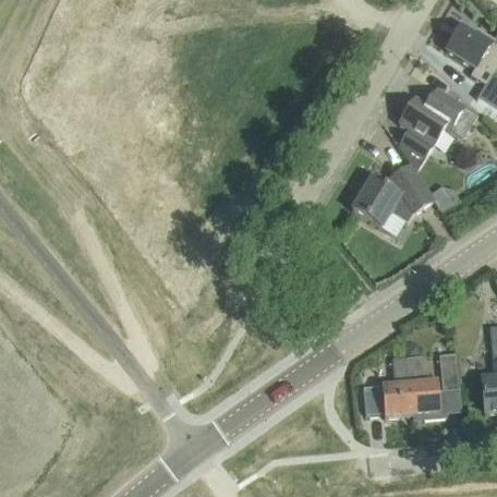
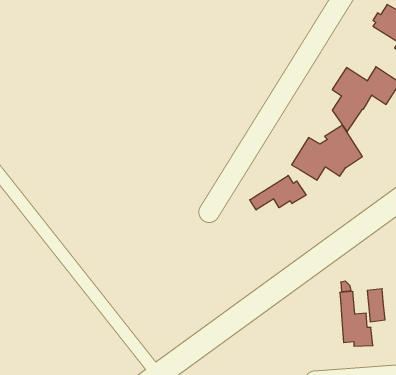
building: none -> [250,175,306,210]
building: [362,355,412,416] -> none

